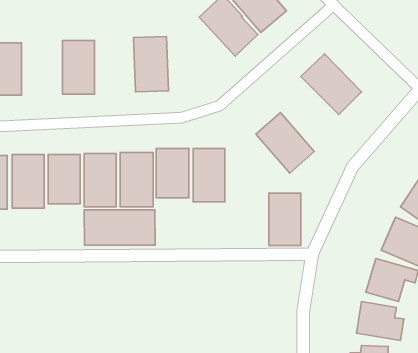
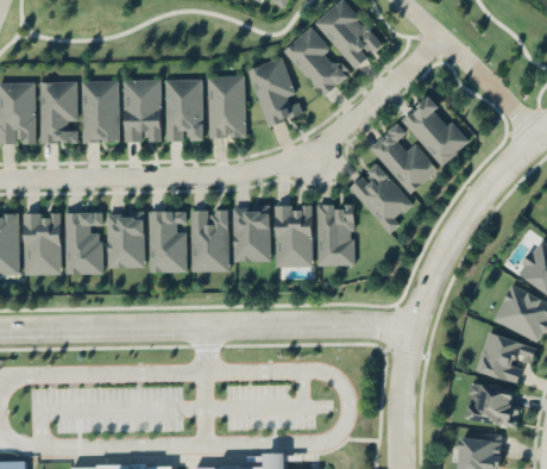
building: none -> [247,57,303,127]
building: none -> [164,79,202,142]
building: none -> [82,81,118,143]
building: none -> [369,123,438,195]
building: [269,193,301,246] -> [316,205,353,265]
building: [84,210,155,245] -> none

